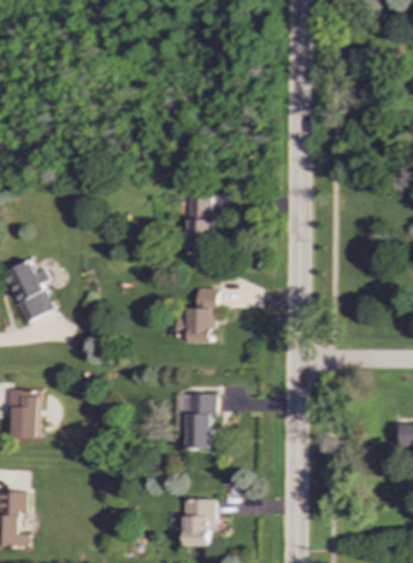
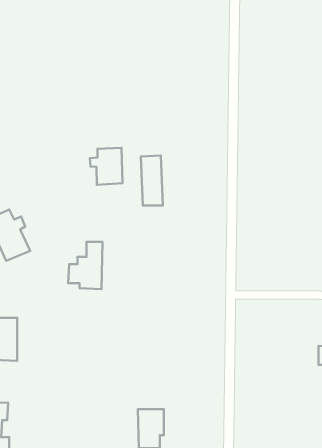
building: none -> [90,148,123,185]
building: [175,288,216,345] -> [68,242,102,289]
building: [175,393,217,450] -> none

